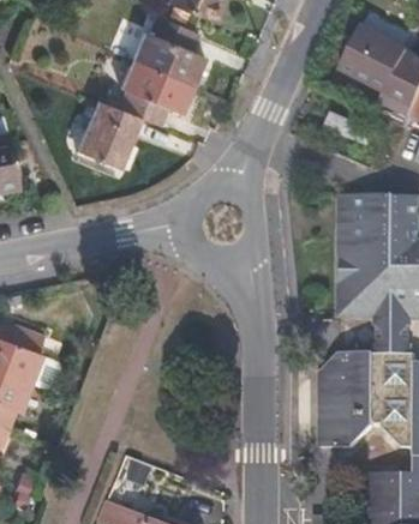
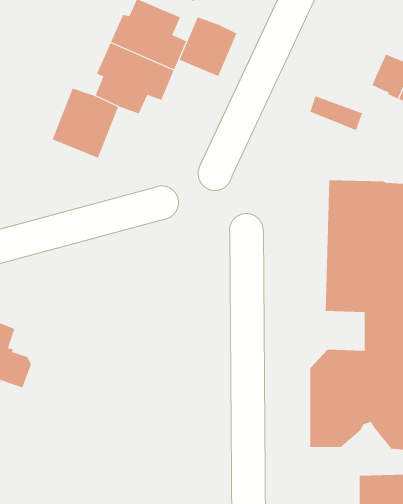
building: [340,30,402,90] -> none
building: none -> [179,17,237,77]

